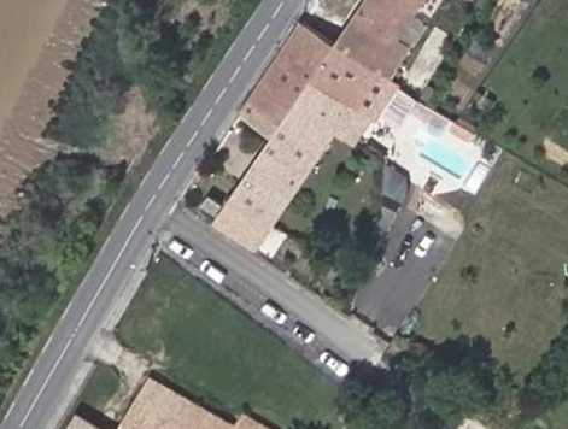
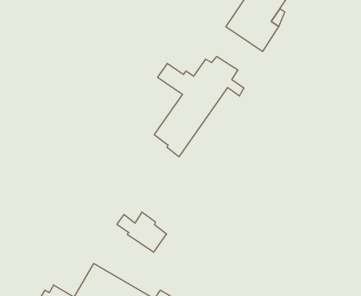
building: [252,24,387,133] -> none
building: [199,198,269,254] -> [117,212,167,252]

